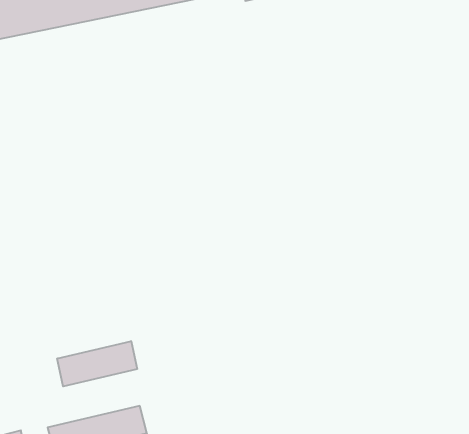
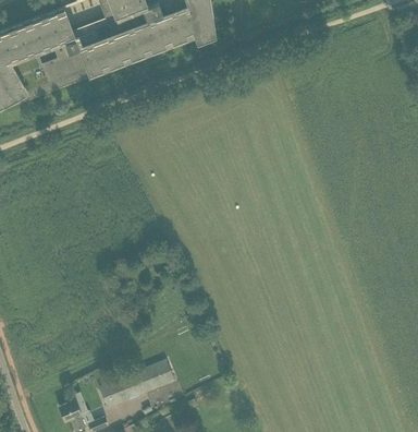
building: [57,341,137,386] -> none

